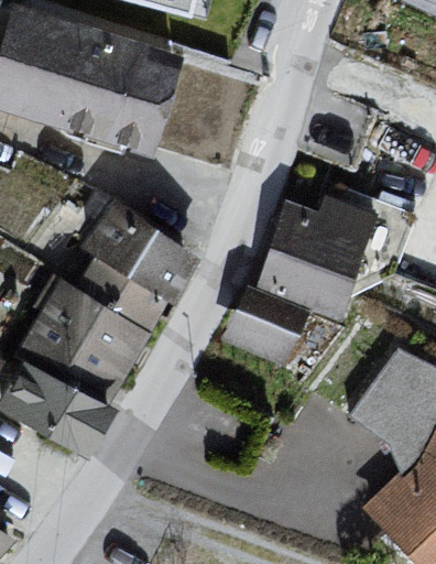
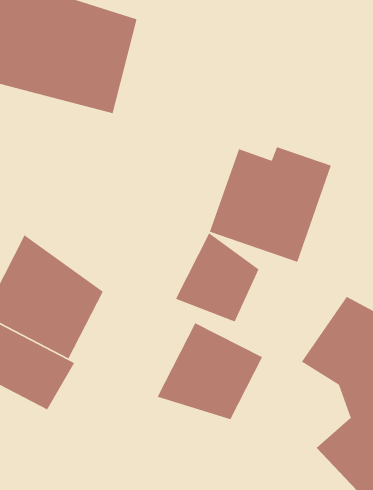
building: [64,198,196,338] -> none
building: none -> [156,322,263,420]

